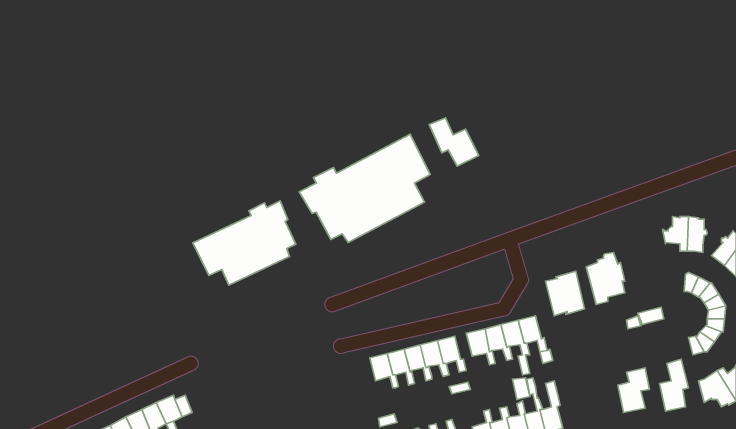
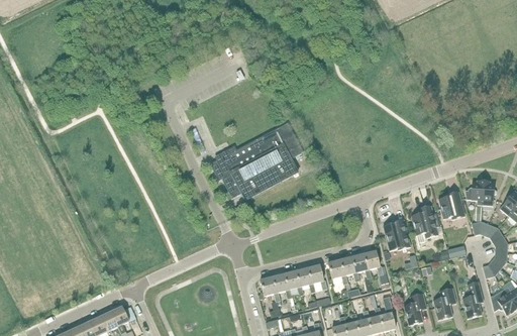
building: [429,118,479,166] -> none
building: [193,201,296,285] -> none
building: none -> [437,191,464,218]
building: none -> [403,292,426,323]

